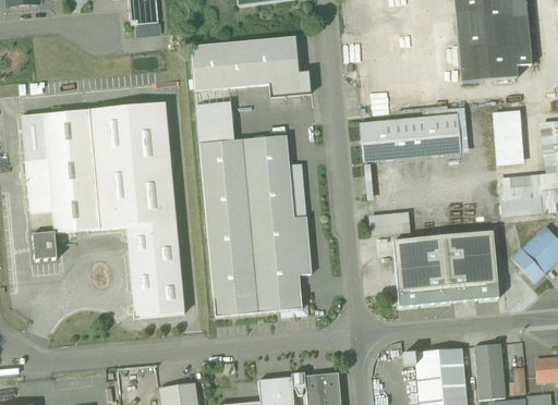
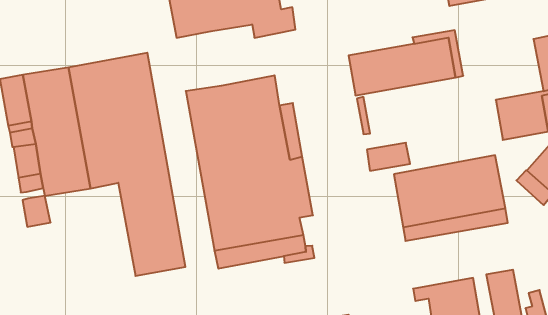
building: [195,87,234,143] -> none
building: [493,110,524,164] -> none

